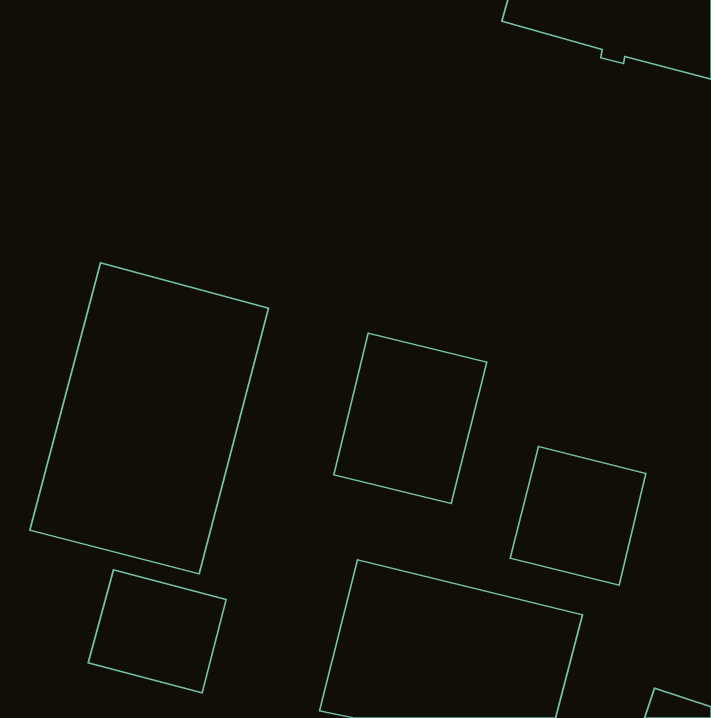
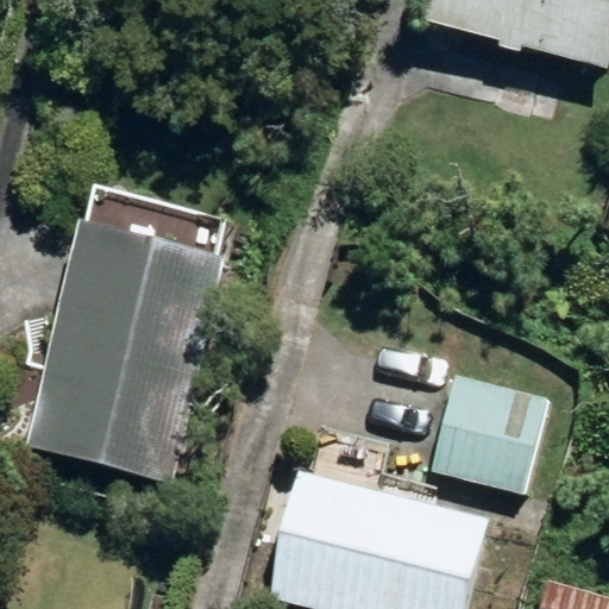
building: [334,333,487,503] -> none
building: [88,570,226,693] -> none

